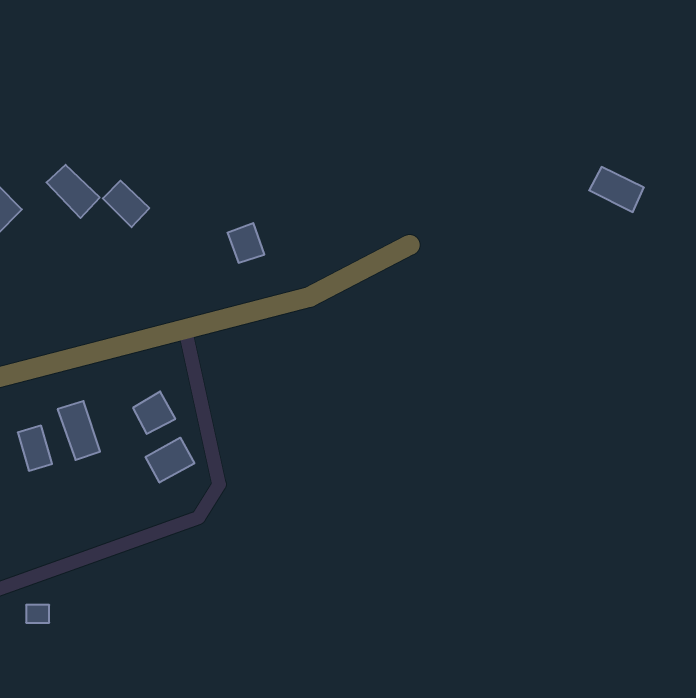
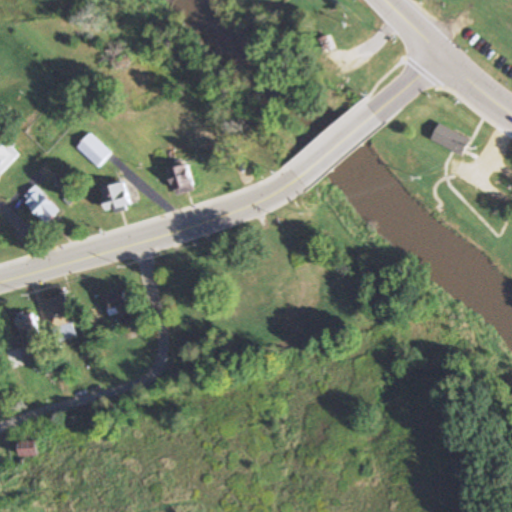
building: [46,165,100,218] -> [20,185,59,224]
building: none -> [98,180,129,211]
building: [146,438,194,483] -> none

